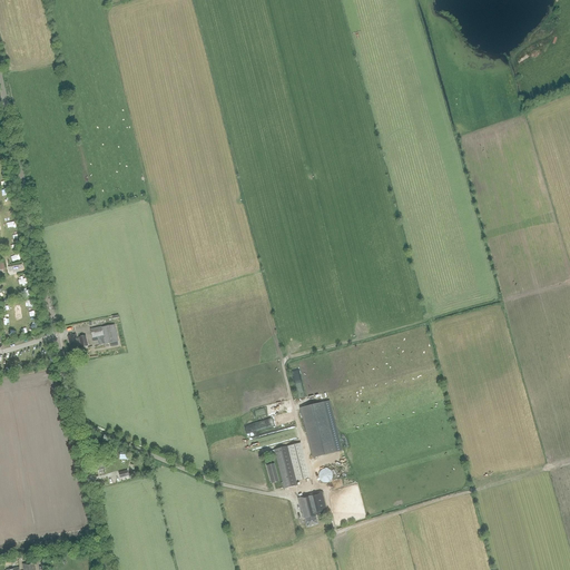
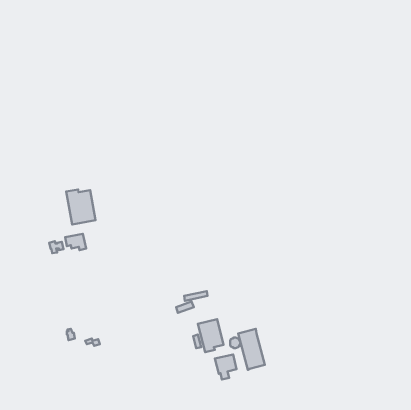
building: none -> [66,189,96,225]
building: [298,401,335,458] -> [238,329,265,370]

